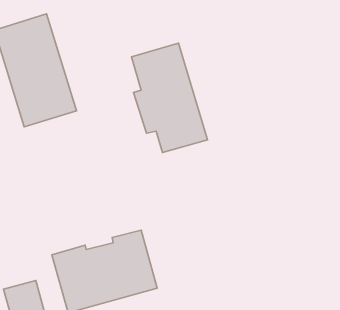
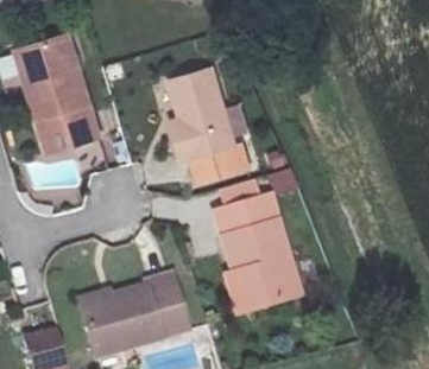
building: none -> [209,178,308,319]

